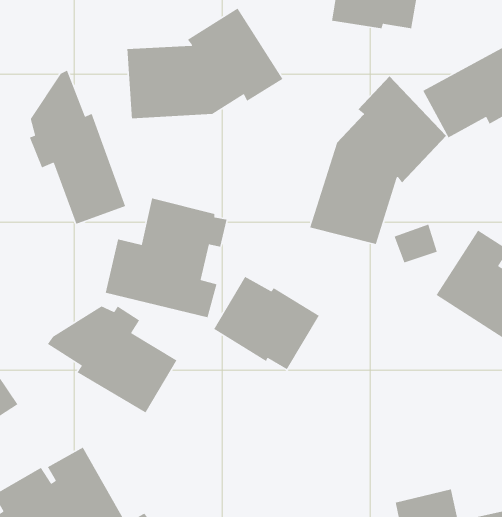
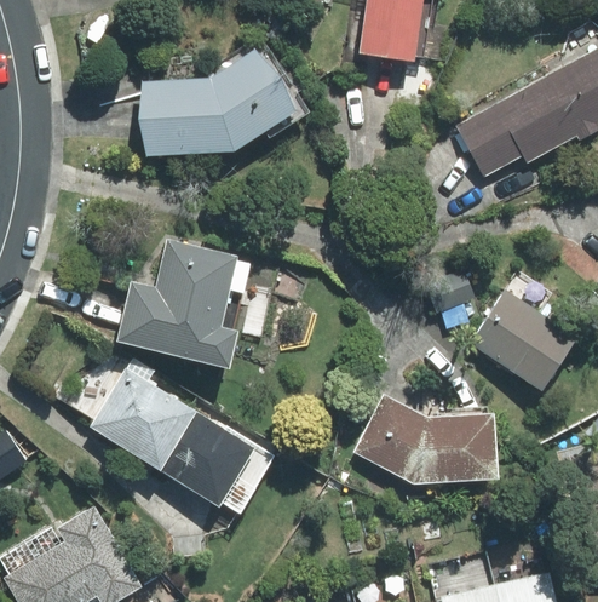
building: [29,69,126,225] -> none
building: [309,75,447,245] -> none
building: [213,276,320,370] -> [161,413,275,514]
building: none -> [352,395,498,485]

